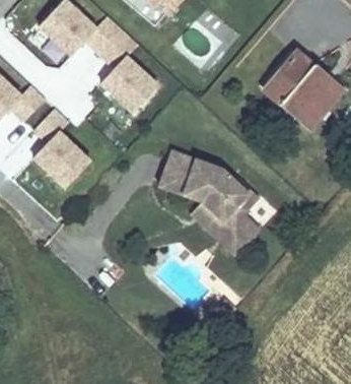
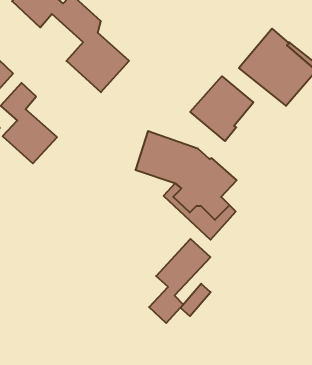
building: none -> [190,76,253,141]
building: none -> [149,239,210,323]

